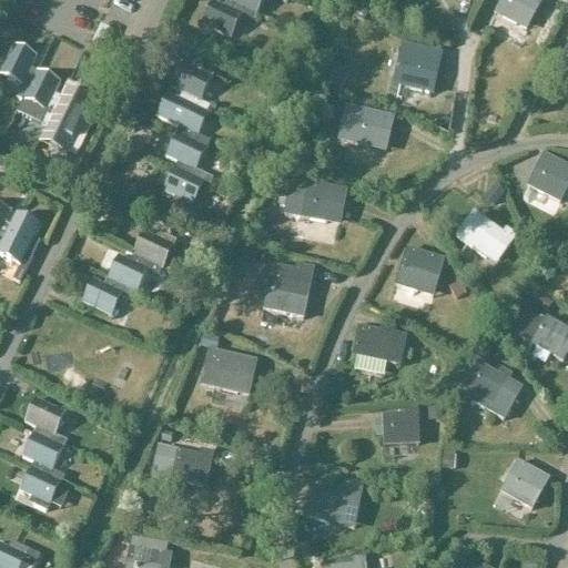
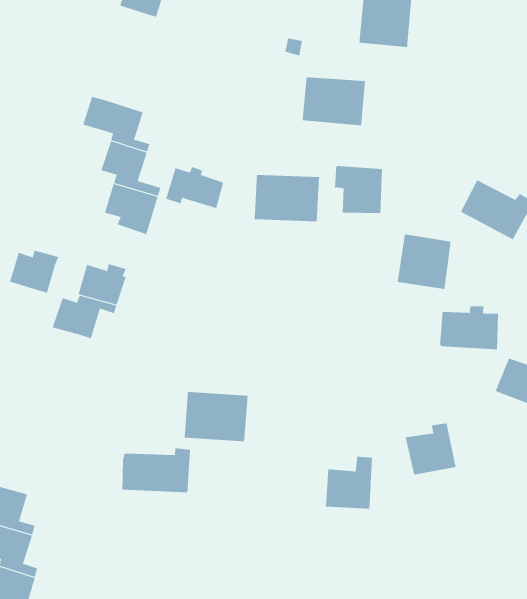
building: [170,61,212,110] -> none
building: none -> [166,166,224,209]
building: none -> [334,165,383,214]
building: [263,261,314,316] -> none
building: [81,276,125,314] -> [9,250,59,294]
building: [353,323,406,363] -> [439,306,499,350]
building: [152,444,214,485] -> [122,448,191,493]
building: [305,478,351,524] -> [325,456,373,509]

